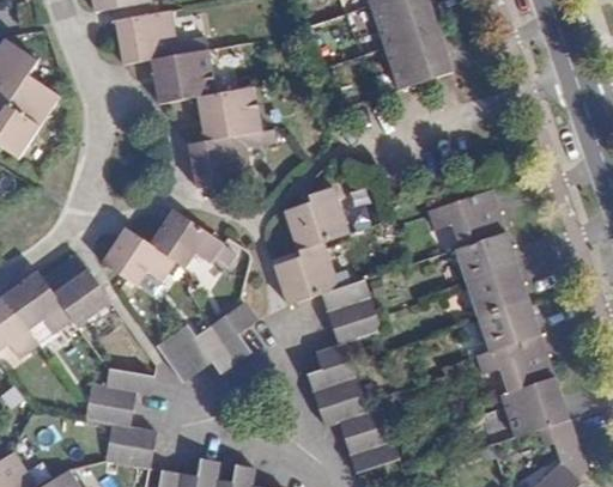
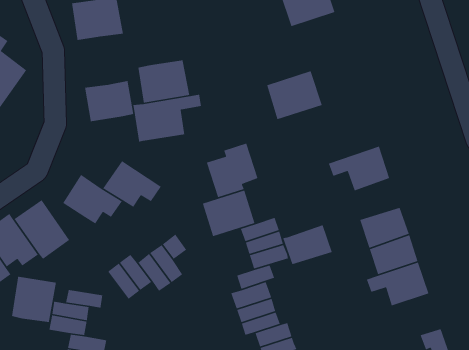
building: [383,29,453,90] -> [266,70,323,120]
building: [150,50,211,102] -> [84,80,134,122]
building: [455,232,517,282] -> [282,224,333,265]
building: none -> [11,276,57,323]
building: [492,373,568,436] -> none

